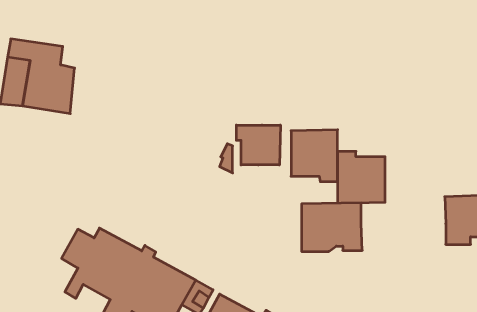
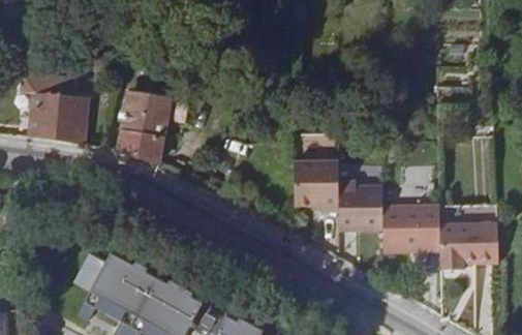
building: none -> [119,89,178,161]
building: [236,125,280,165] -> none
building: [302,203,362,251] -> [383,203,441,249]

